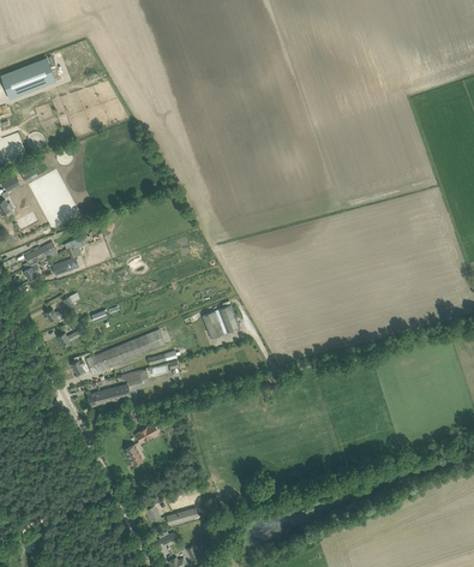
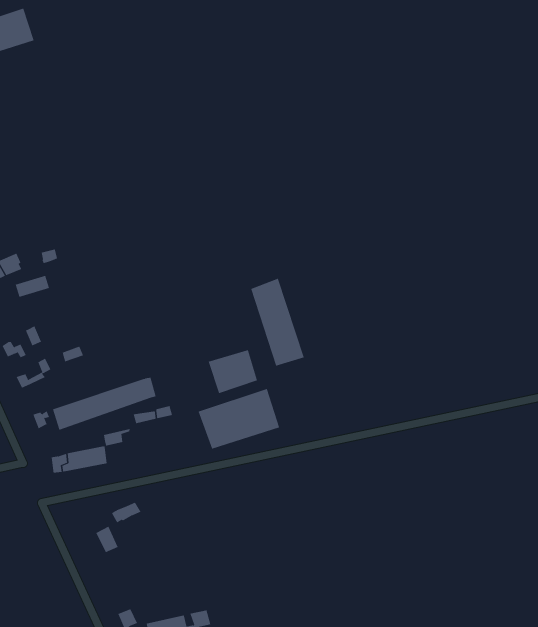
building: none -> [251,278,304,367]
building: none -> [198,388,280,450]

